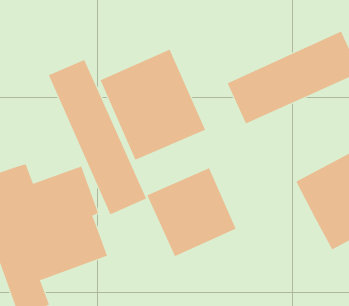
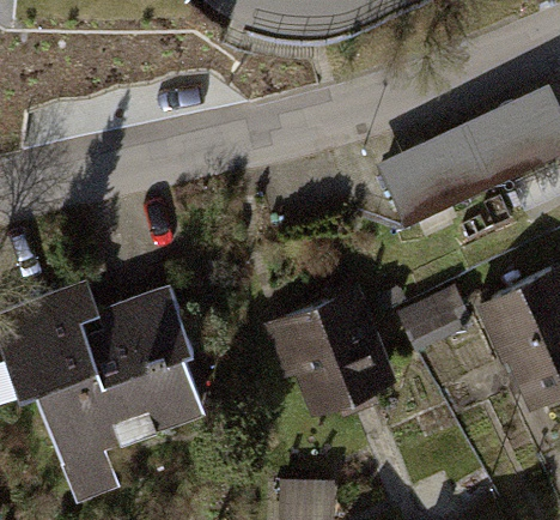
building: [100,49,206,160] -> none
building: [48,59,147,215] -> none

